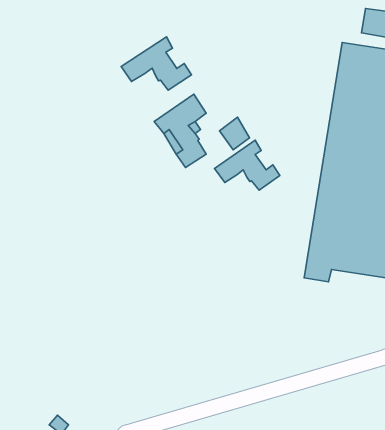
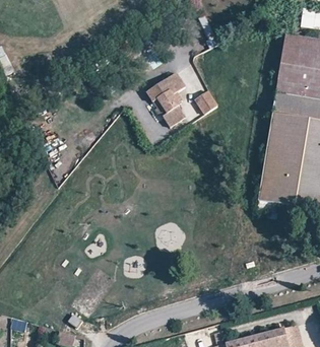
building: [121,37,191,90] -> none
building: [214,140,280,190] -> none

